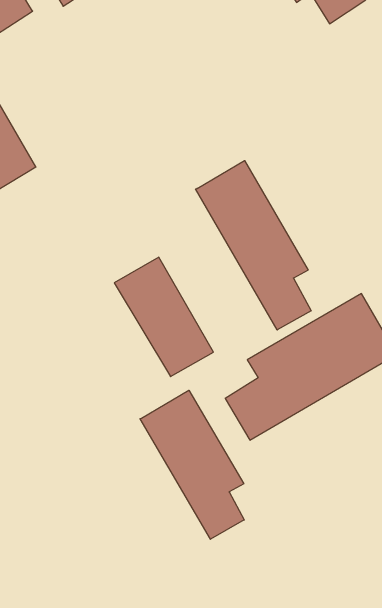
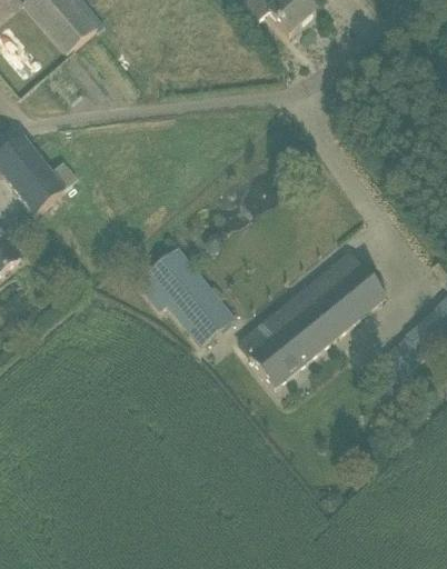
building: [196,161,311,330] -> none
building: [140,390,244,539] -> none

